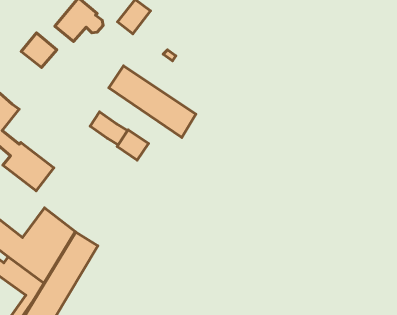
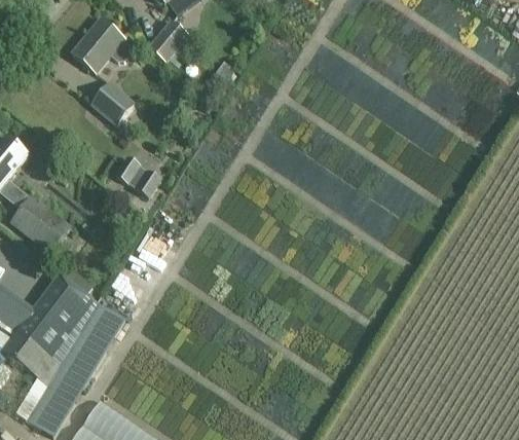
building: [21,33,57,68] -> [90,81,134,123]
building: [109,66,196,137] -> none
building: [117,130,148,160] -> none

